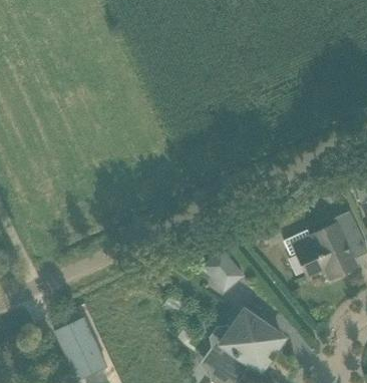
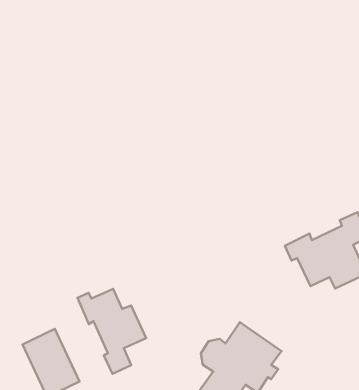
building: [204,251,243,292] -> none
building: none -> [77,289,146,374]

